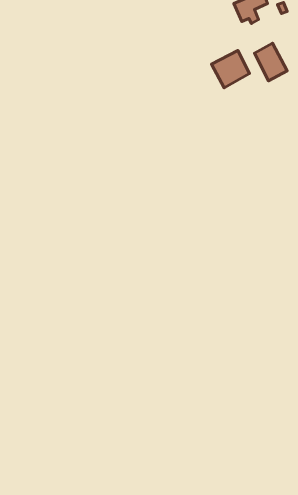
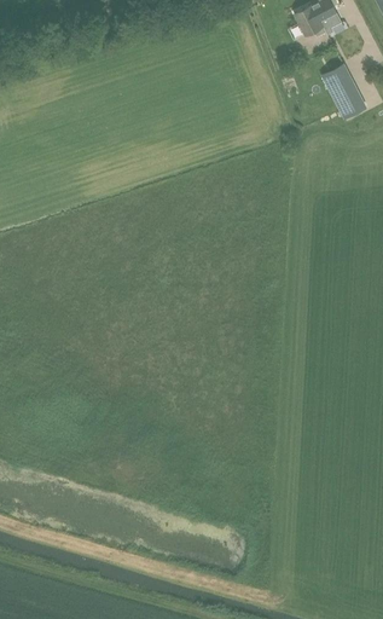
building: [212,51,249,88] -> none

